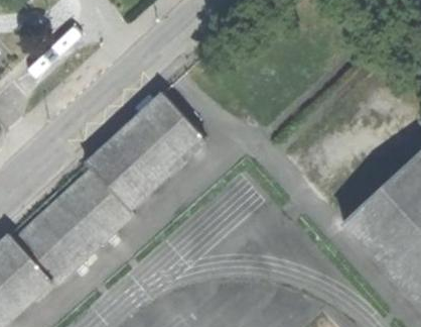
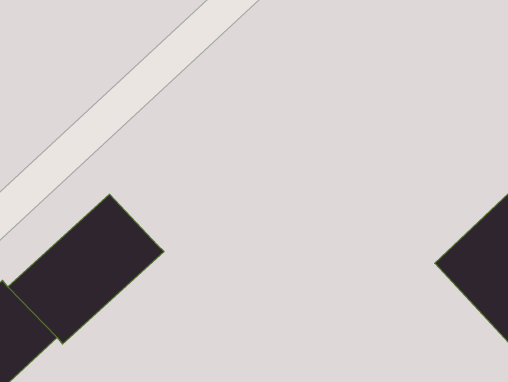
building: [94,88,210,201] -> none

